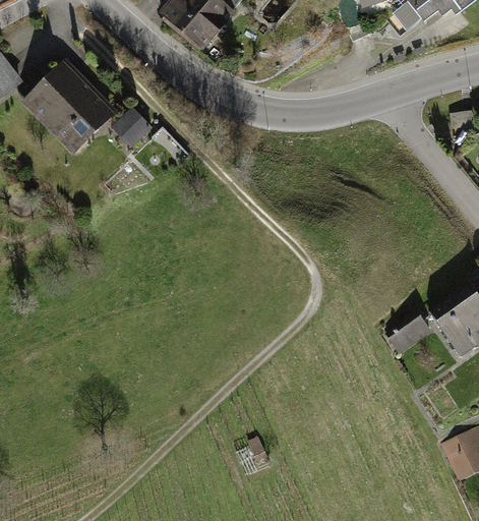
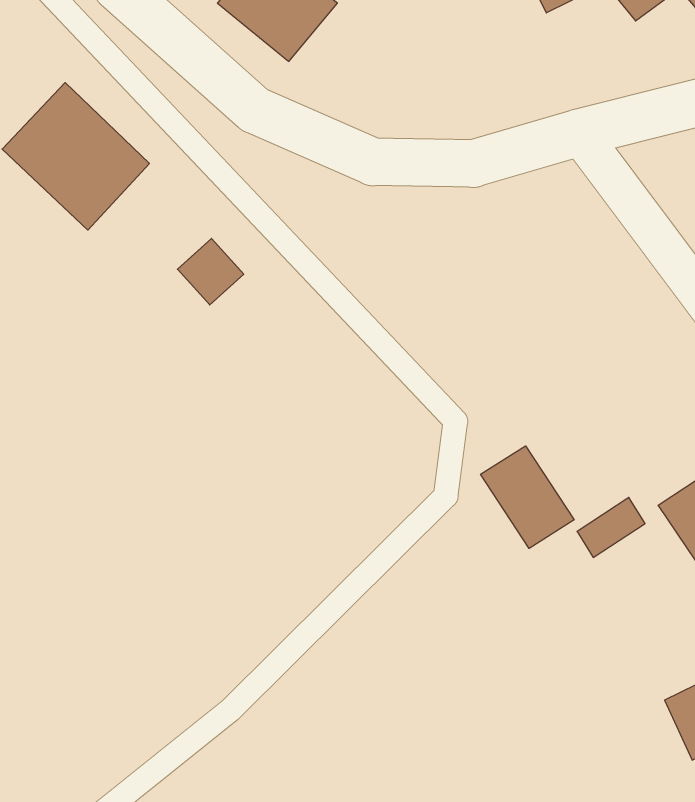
building: [110,109,152,151] -> [177,238,244,305]
building: none -> [481,446,574,548]

